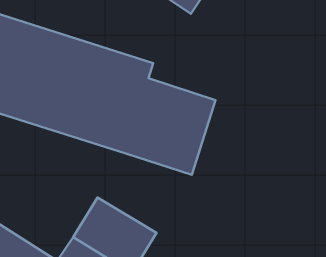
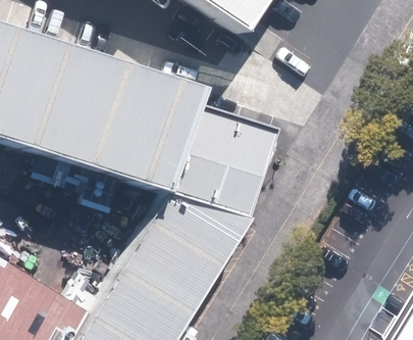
building: none -> [140,190,249,282]

